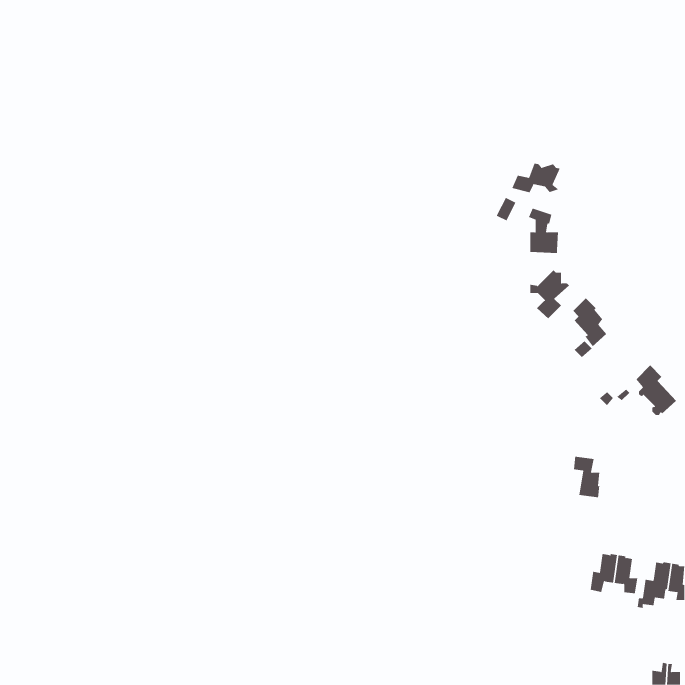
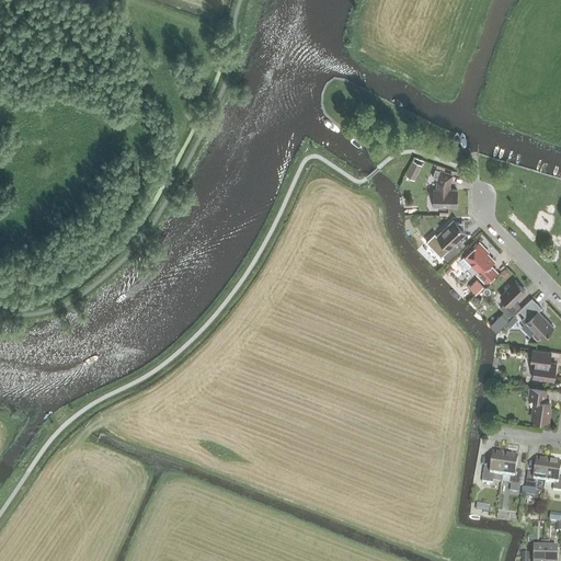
building: [511,163,561,193] -> none
building: none -> [500,278,525,318]
building: none -> [530,350,556,380]
building: [573,456,600,498] -> [527,388,549,422]

